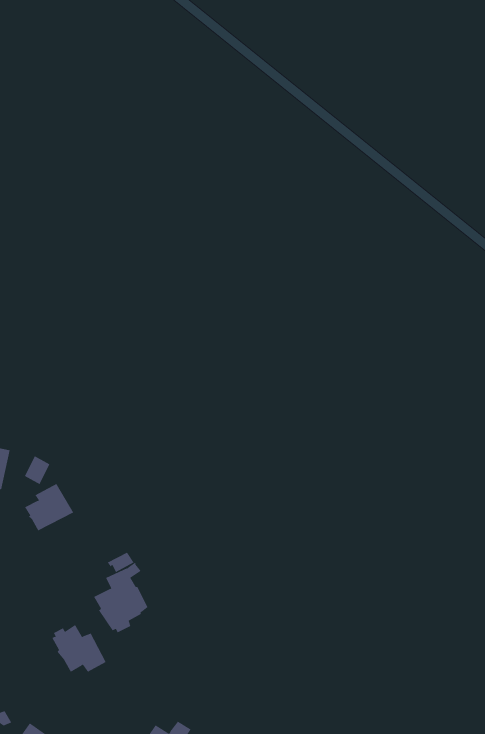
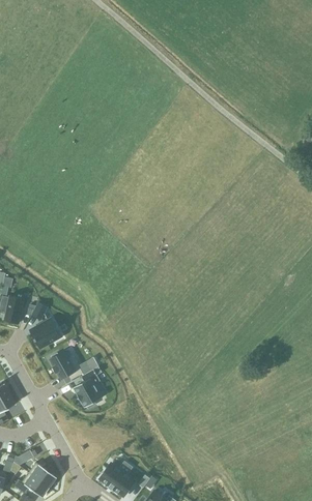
building: [51,624,107,672] -> [50,350,83,379]

